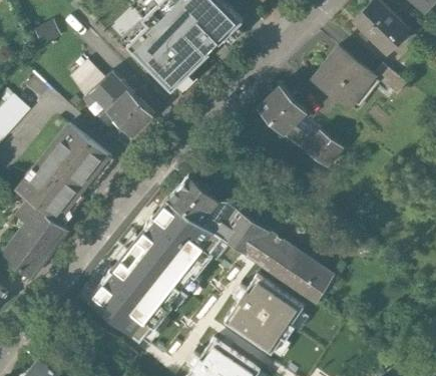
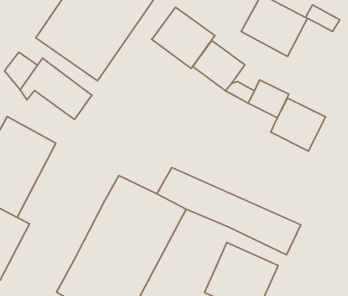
building: none -> [151,7,215,69]
building: none -> [271,98,325,151]
building: [165,172,219,222] -> none

